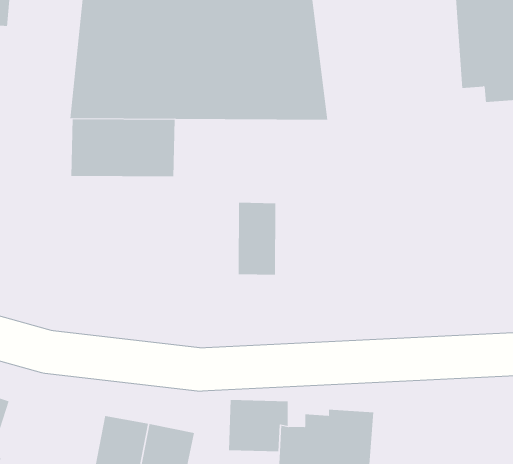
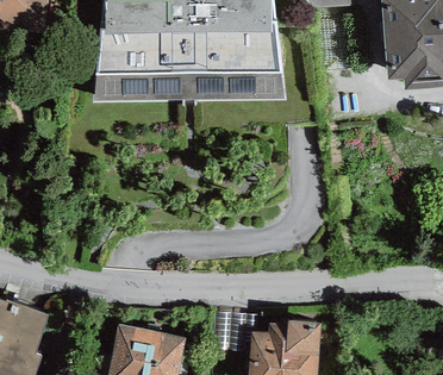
building: [71,119,175,177] -> none
building: [238,202,276,276] -> none

